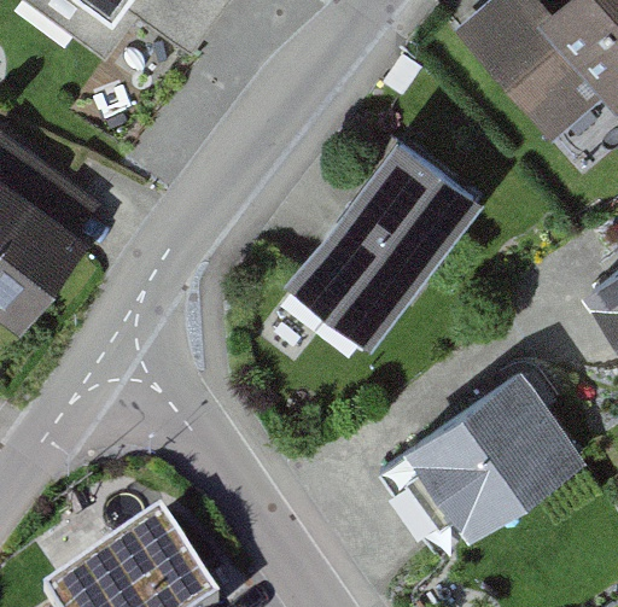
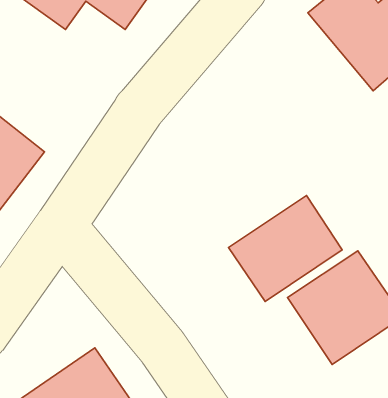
building: [276,130,468,335] -> none
building: none -> [228,195,342,302]

